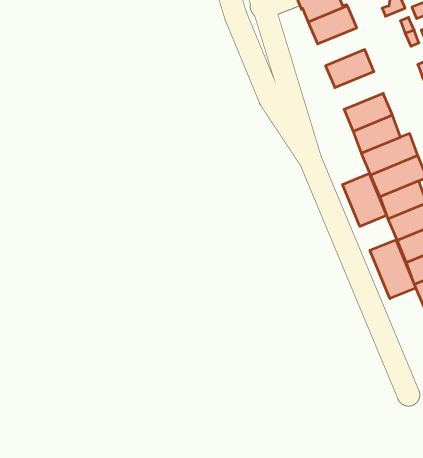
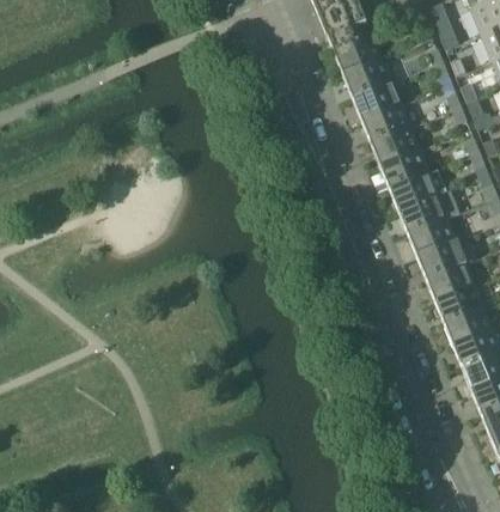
building: none -> [343,57,392,97]
building: none -> [361,103,411,142]
building: [343,174,387,226] -> none
building: [370,240,416,299] -> none

